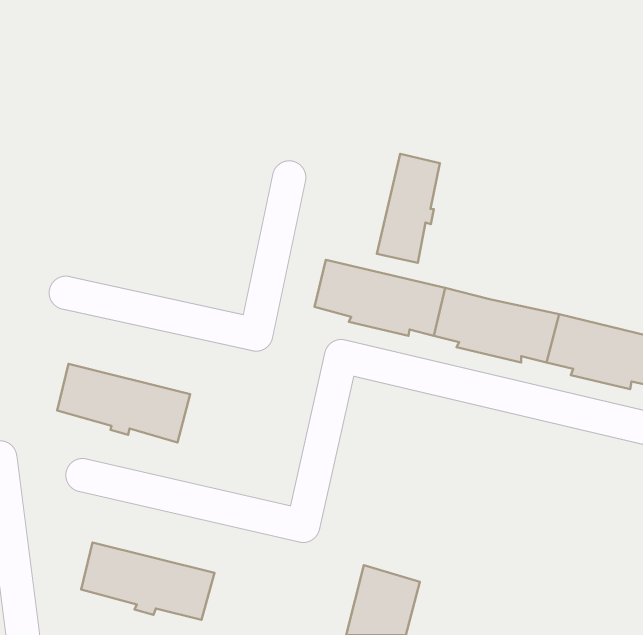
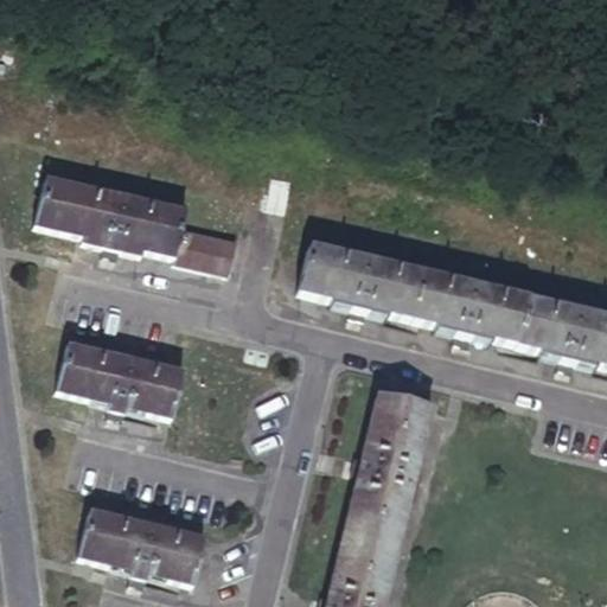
building: [377,154,440,263] -> none
building: none -> [36,175,236,270]
building: none -> [345,390,430,544]

